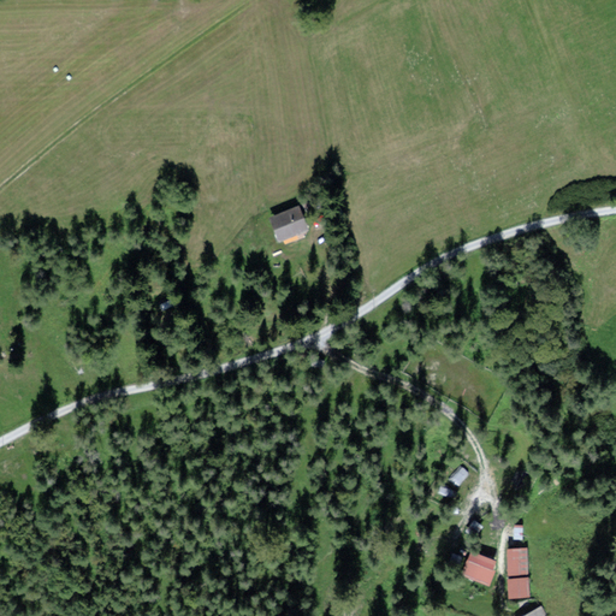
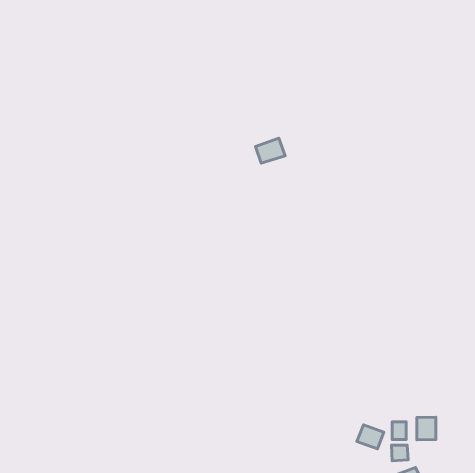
building: [271,209,309,242] -> [256,138,285,163]
building: none -> [417,417,436,440]

